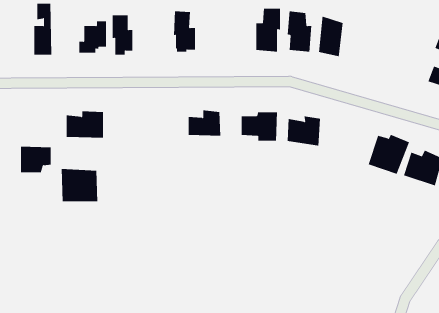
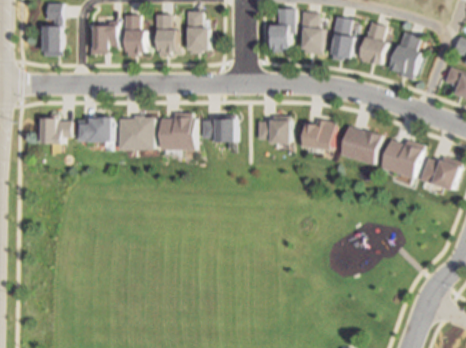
building: none -> [152,16,176,56]
building: none -> [360,22,392,66]
building: none -> [390,32,422,81]
building: none -> [157,112,193,149]
building: none -> [341,126,383,164]
building: [20,146,51,173] -> [38,117,70,144]
building: [61,168,98,202] -> [115,116,153,150]

